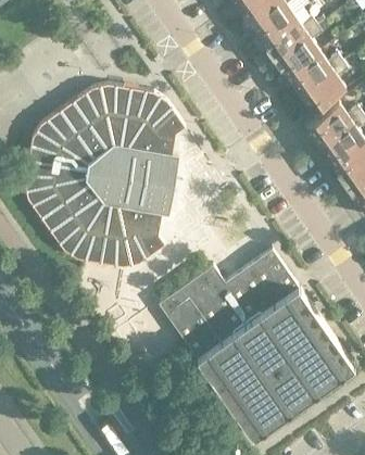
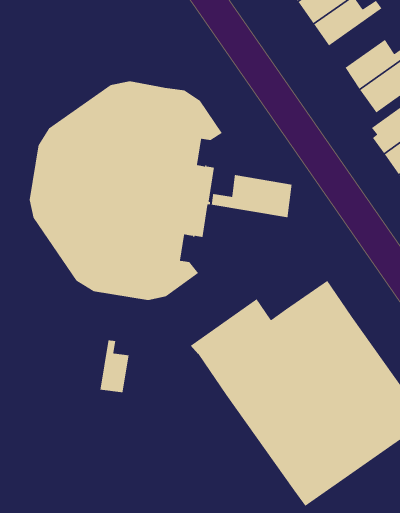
building: [275,26,324,75] -> none
building: none -> [211,174,293,218]
building: none -> [99,339,130,393]

